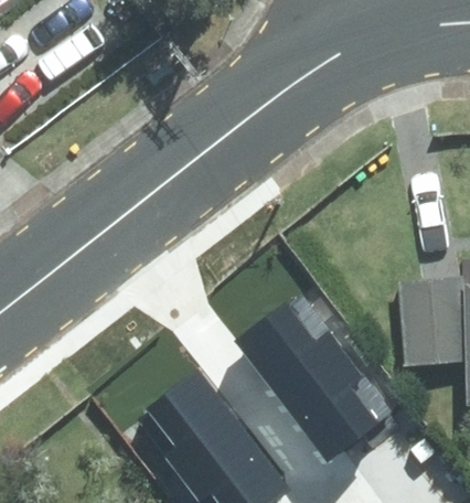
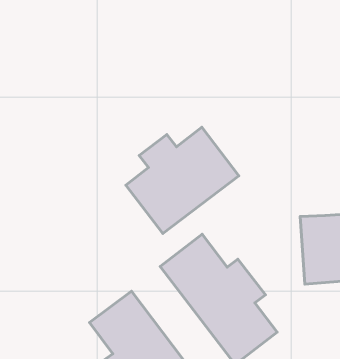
building: none -> [126,127,239,233]

